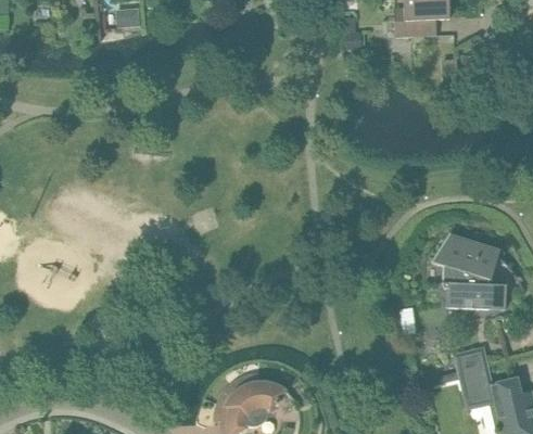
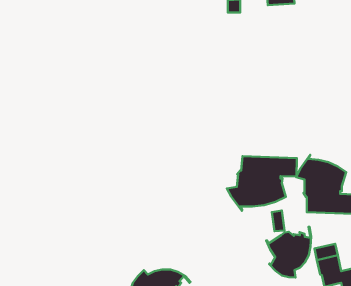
building: none -> [227,156,297,211]
building: none -> [266,227,311,278]

